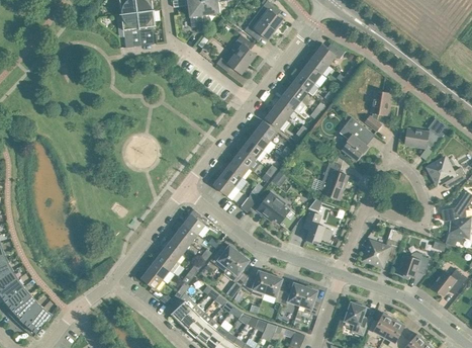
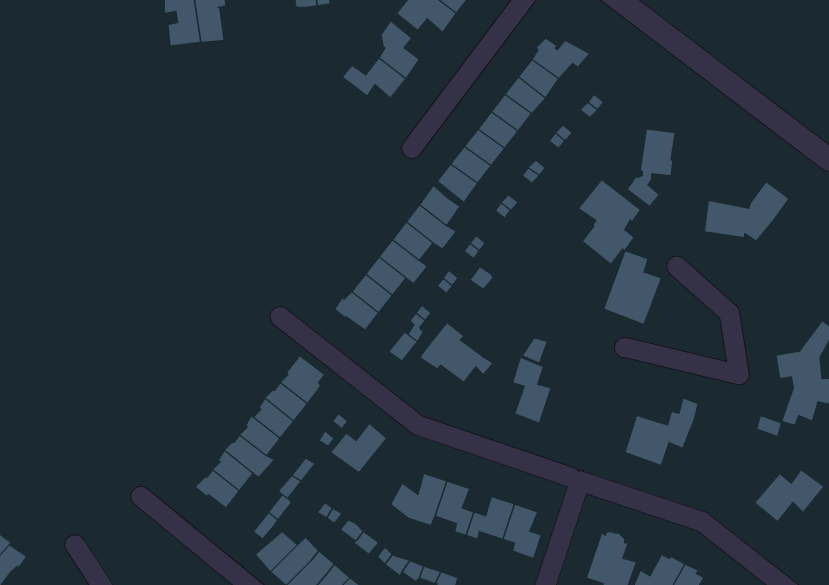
building: [427,157,465,185] -> none
building: [317,161,348,199] -> [603,251,662,324]
building: [397,251,429,278] -> none
building: [222,252,249,286] -> none

